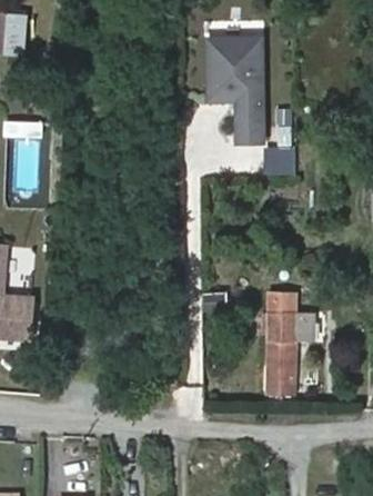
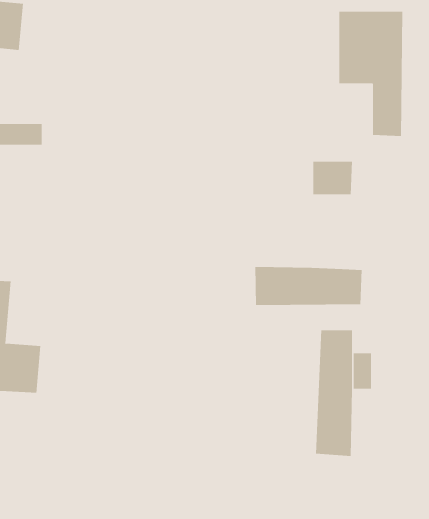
building: [206,37,260,140] -> [338,11,403,137]
building: none -> [255,266,362,306]

